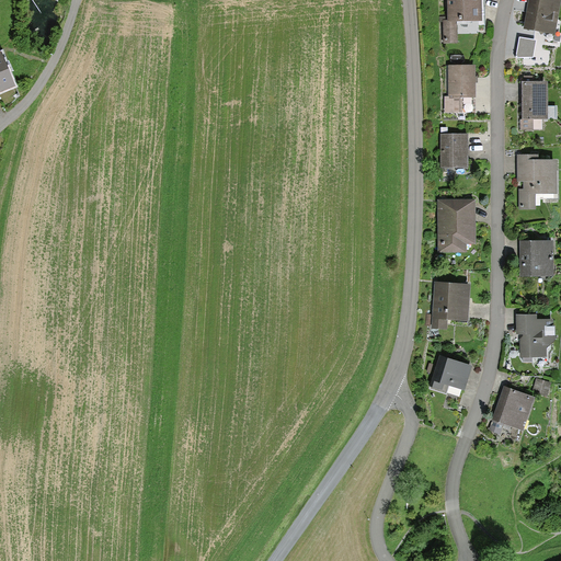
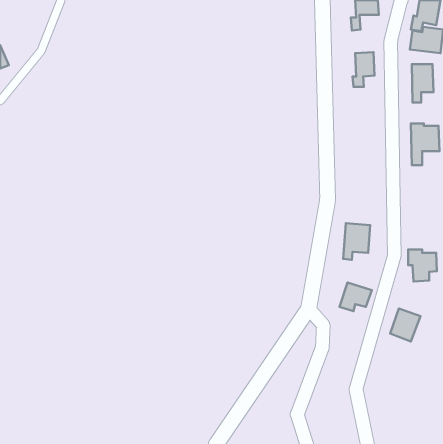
building: [440,134,467,168] -> none
building: [438,198,474,250] -> none
building: [520,239,551,273] -> none

